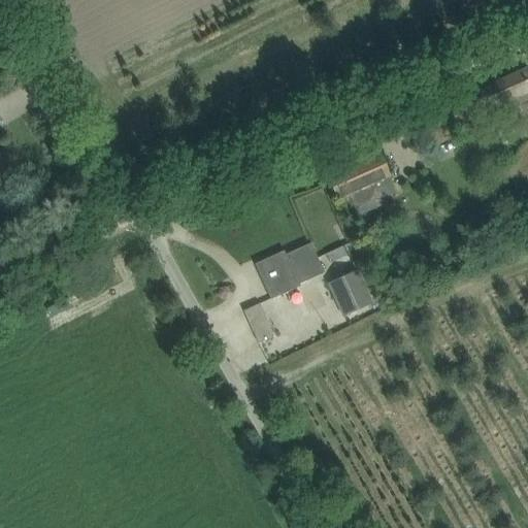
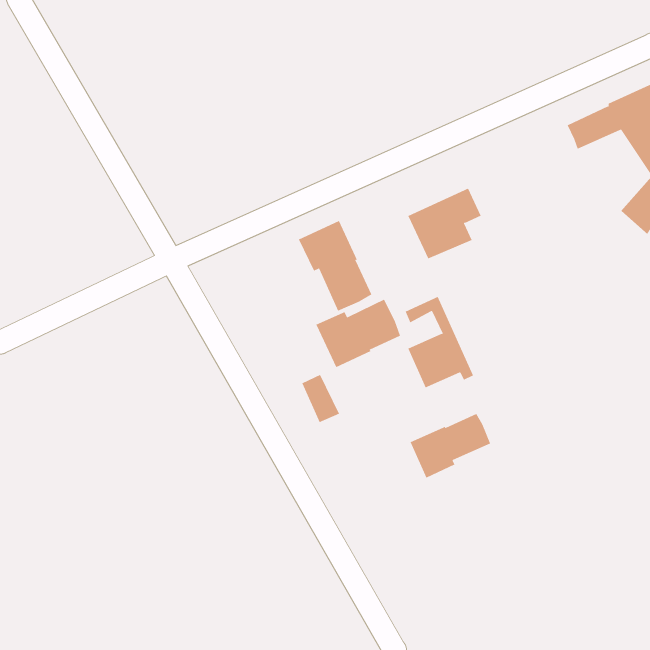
building: none -> [298,220,372,311]
building: none -> [410,413,491,479]

